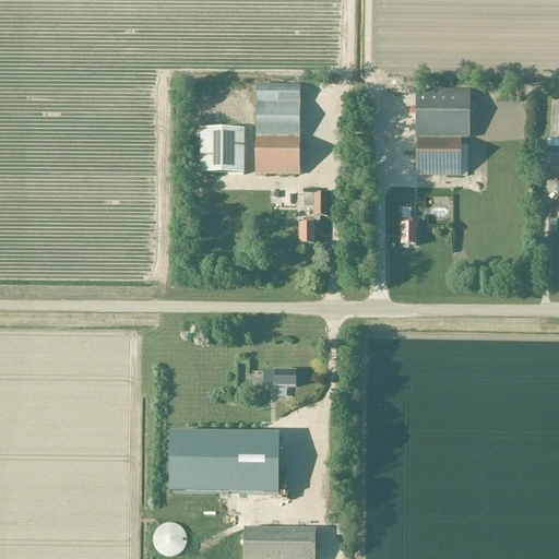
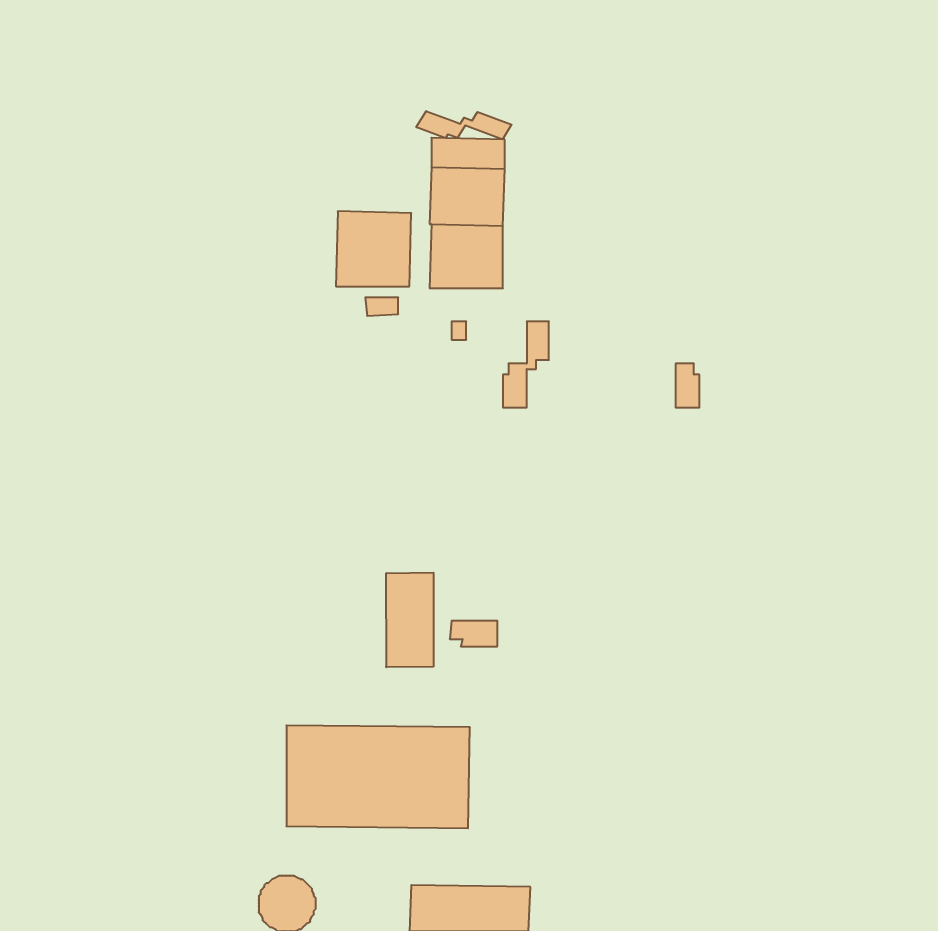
building: none -> [416,111,512,139]
building: [417,88,467,174] -> none
building: none -> [386,573,433,667]

